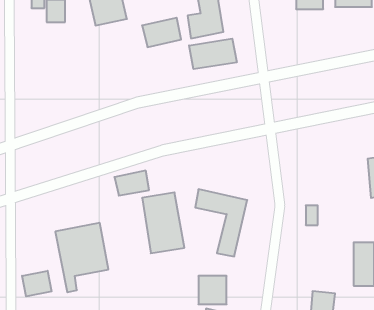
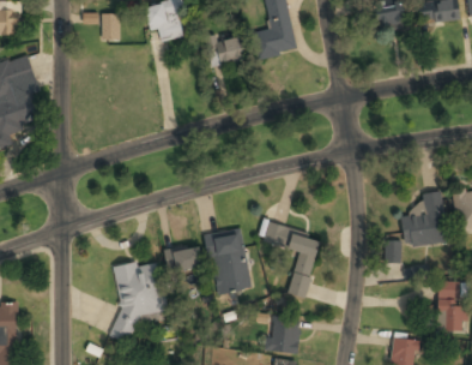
building: [189,39,237,69] -> none
building: none -> [401,192,448,247]
building: [114,171,149,196] -> [164,245,202,273]
building: [22,271,52,296] -> none

